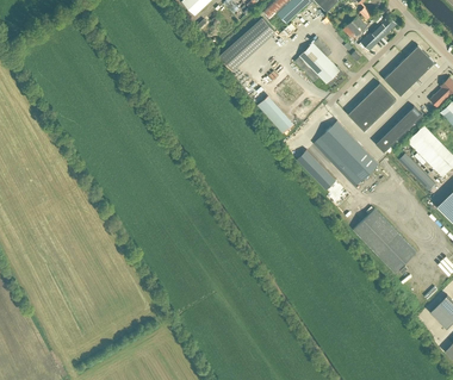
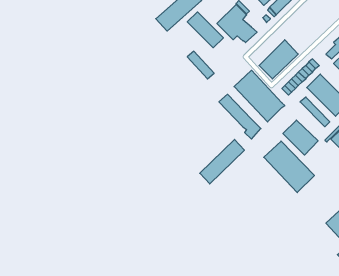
building: [384,45,434,95] -> none
building: none -> [187,12,223,48]
building: none -> [283,120,318,155]
building: none -> [200,139,244,184]

